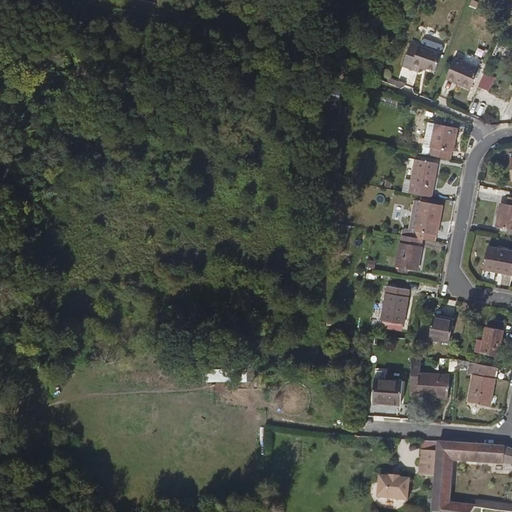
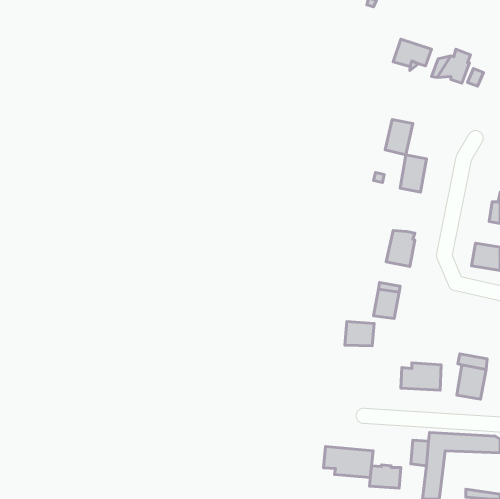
building: [428,124,456,160] -> [385,120,413,155]
building: [415,200,442,240] -> none
building: [428,319,452,343] -> none
building: [478,329,499,360] -> none
building: [372,377,402,402] -> [345,321,374,346]
building: none -> [323,446,373,477]

